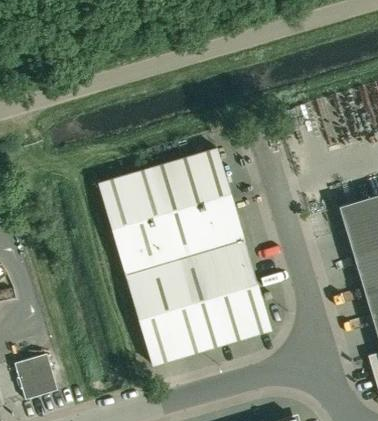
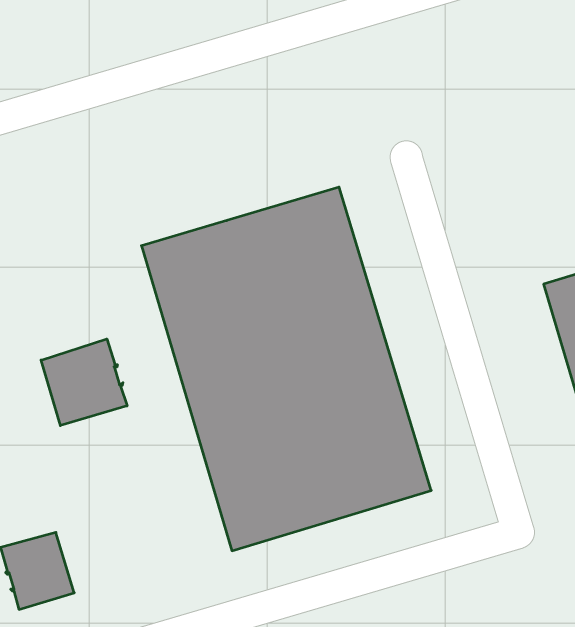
building: none -> [41,339,127,426]

